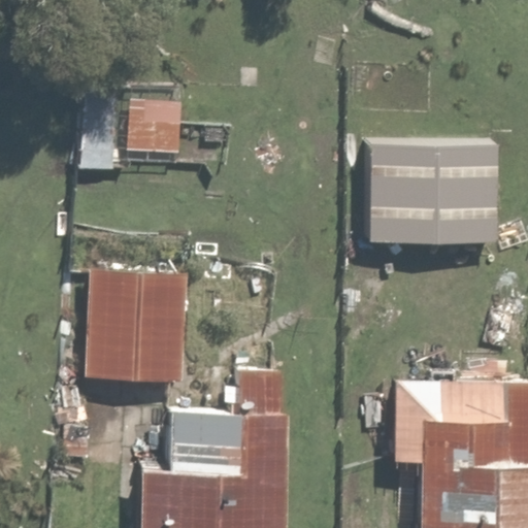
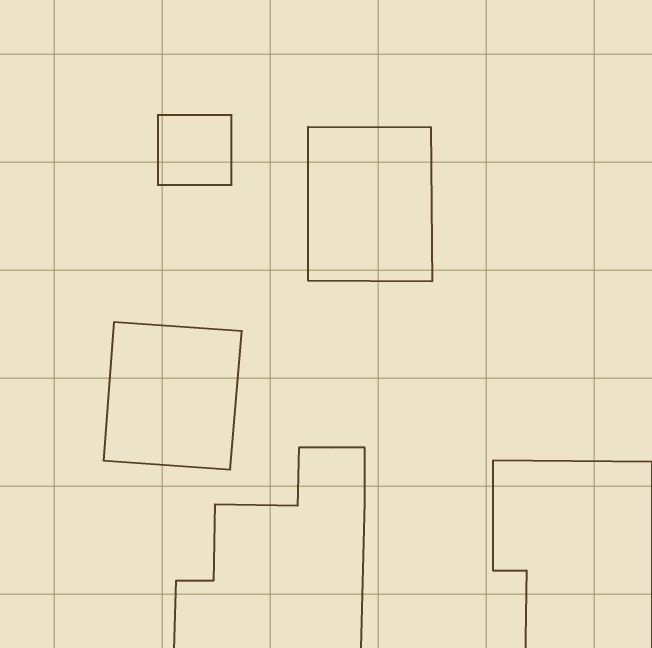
building: none -> [308,127,432,281]
building: [367,147,500,243] -> none

